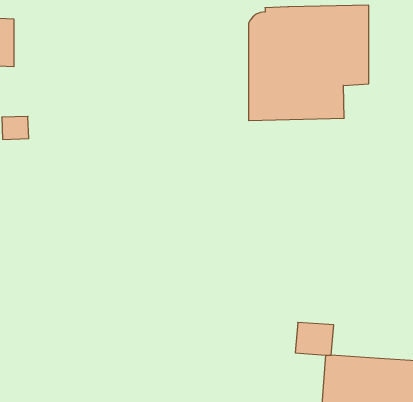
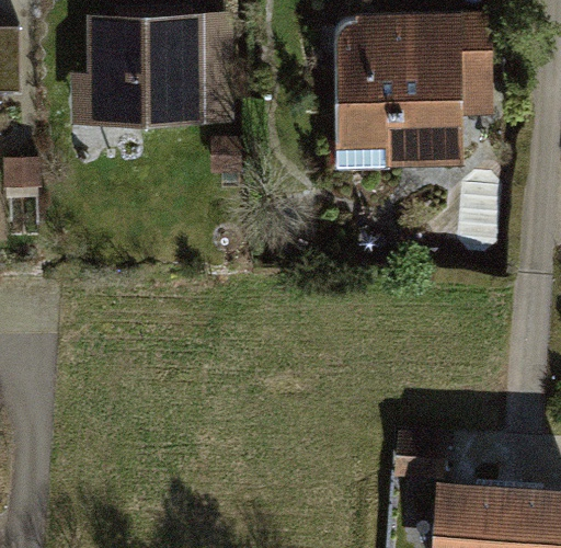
building: none -> [72,15,232,126]

